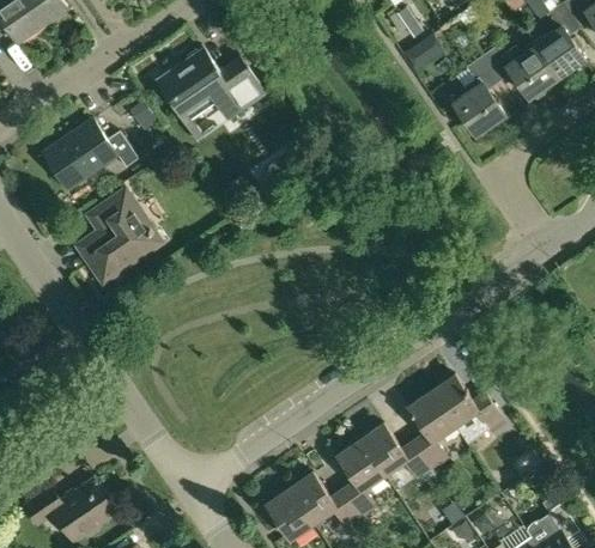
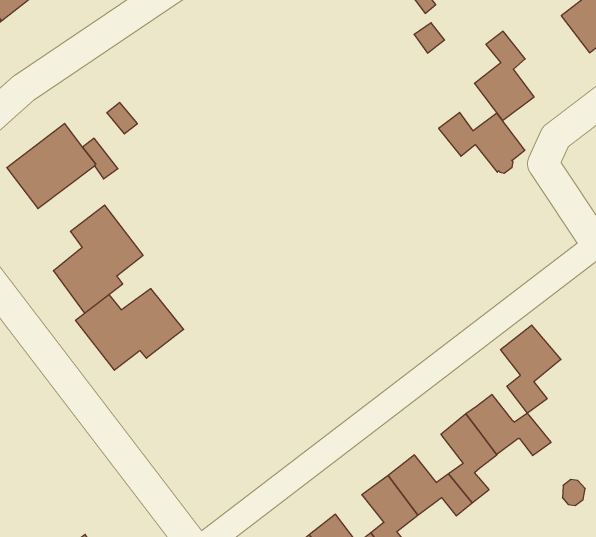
building: [480,45,554,101] -> [439,112,525,173]
building: [156,49,263,141] -> none
building: none -> [76,289,184,370]
building: none -> [501,325,561,413]

